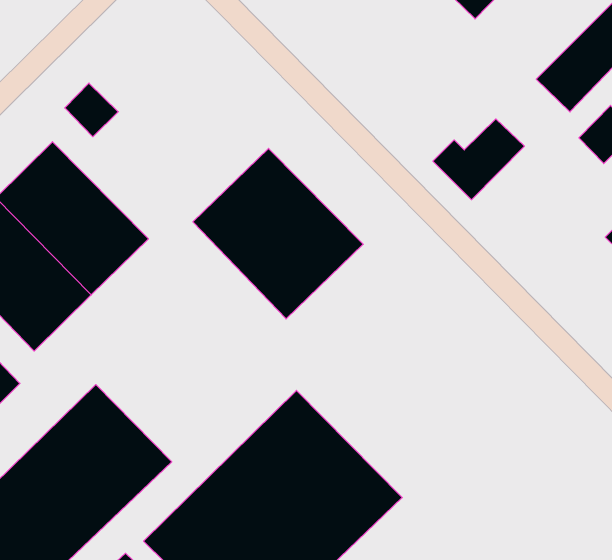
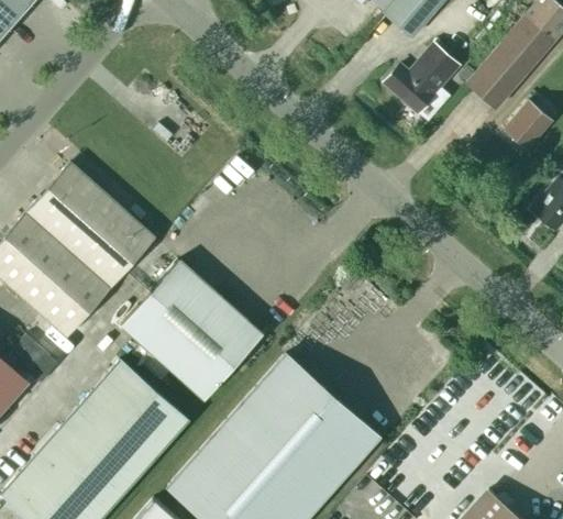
building: [65,83,118,137] -> none
building: [433,119,524,200] -> [384,45,459,113]
building: [193,148,363,319] -> [122,261,264,400]

